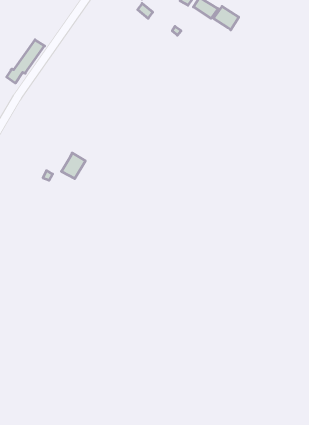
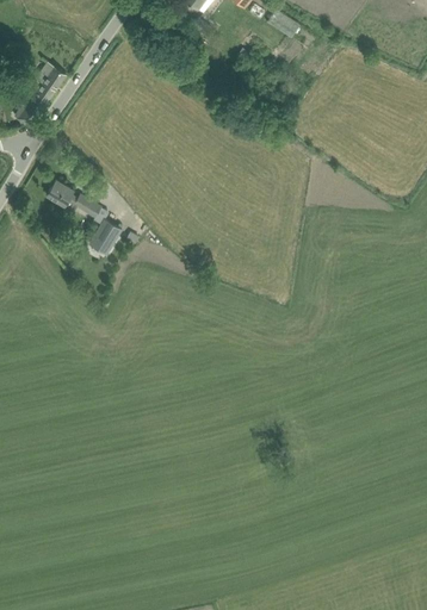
building: [214,6,239,30] -> none
building: none -> [47,179,100,218]

